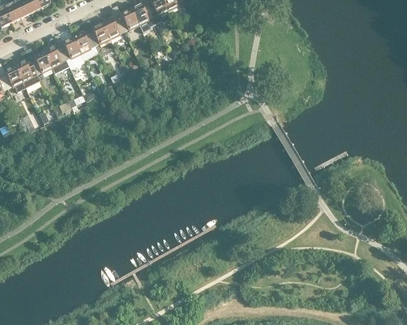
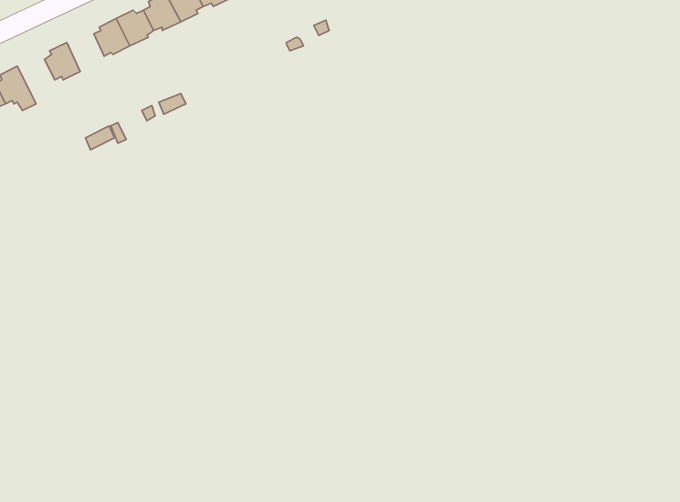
building: [44,46,70,73] -> none
building: [15,60,41,87] -> none

